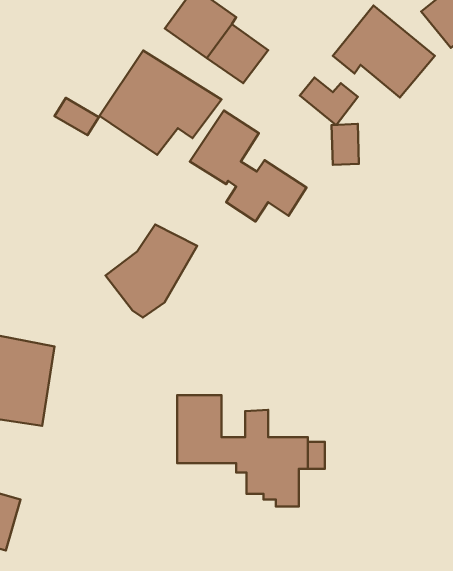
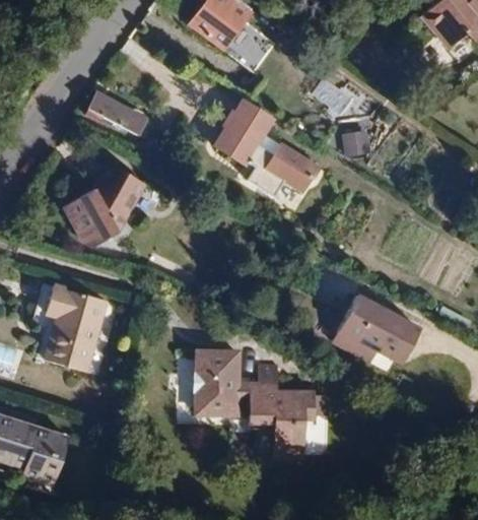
building: [333,5,435,98] -> none
building: [100,50,221,155] -> none
building: [105,224,197,317] -> [63,162,145,246]
building: none -> [324,282,421,360]

